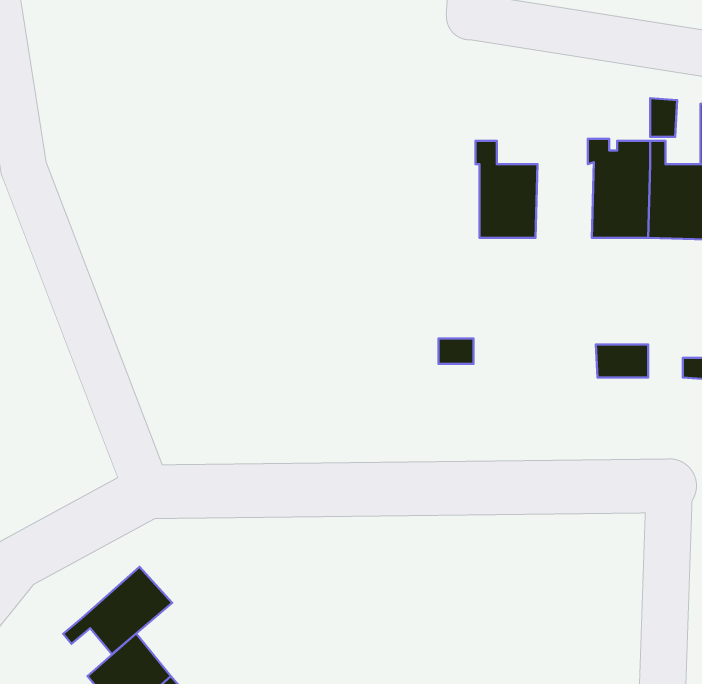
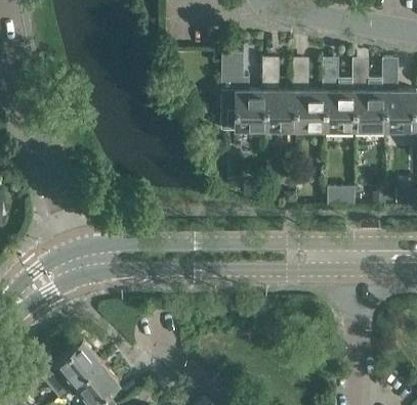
building: none -> [221,54,264,131]
building: none -> [292,80,325,131]
building: [63,567,172,654] -> none

